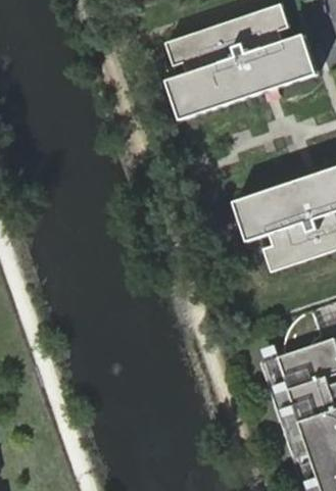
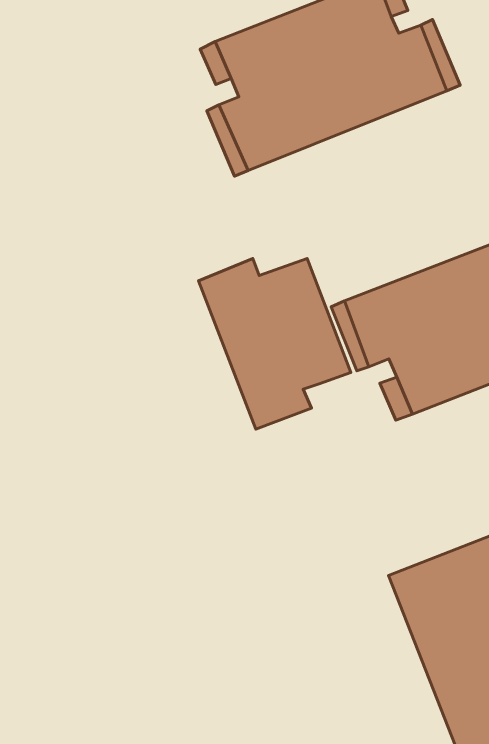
building: none -> [198,259,351,429]

